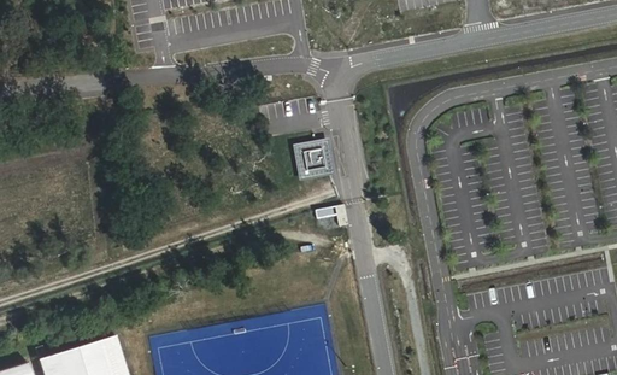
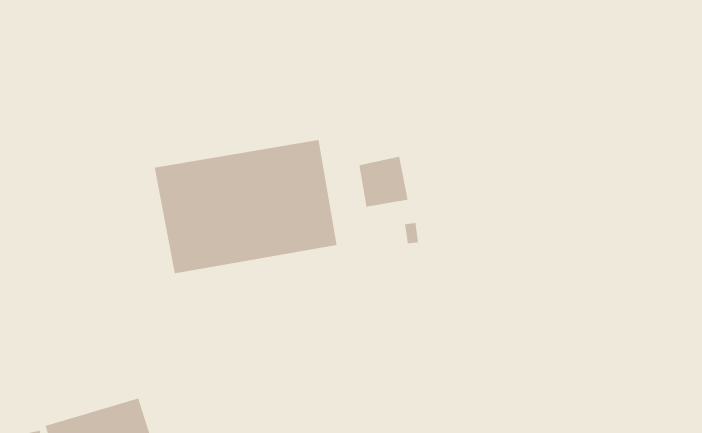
building: none -> [154,139,337,274]

